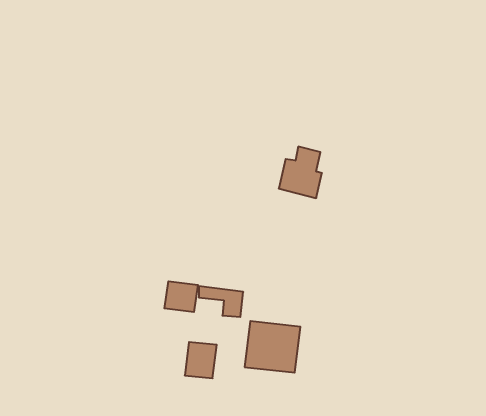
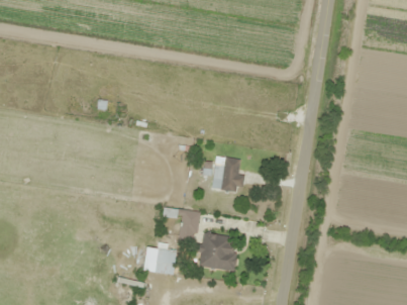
building: [279,147,322,198] -> [211,157,242,194]
building: [164,281,198,312] -> none

